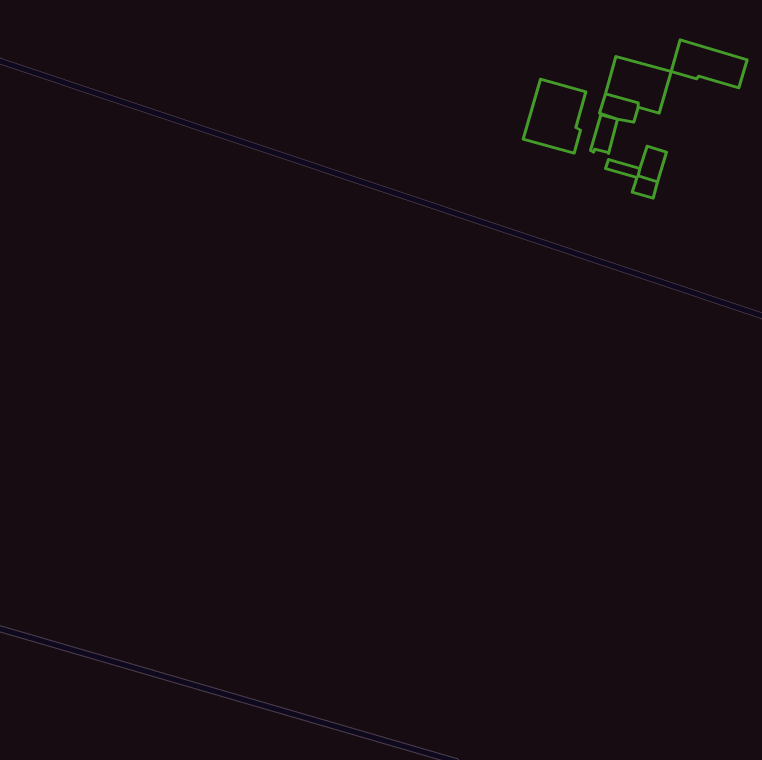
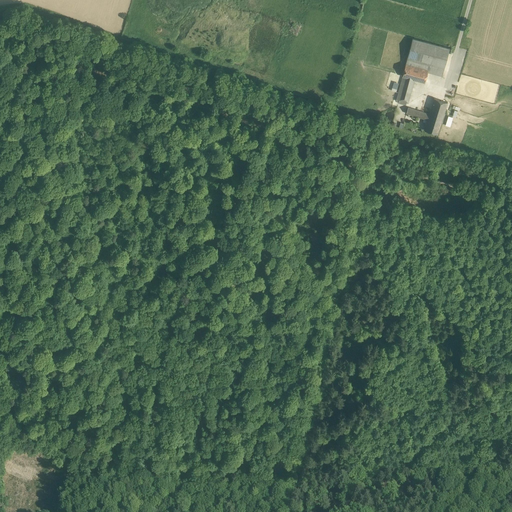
building: [671,40,747,88] -> none
building: [523,79,586,153] -> none

